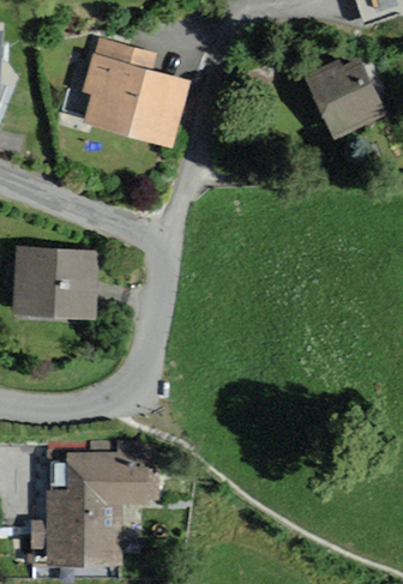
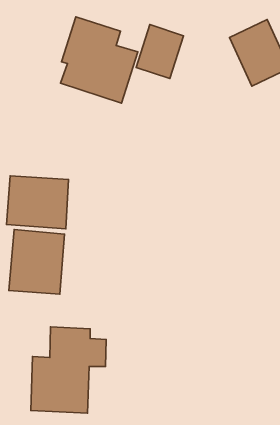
building: none -> [136,25,184,79]
building: none -> [9,230,64,294]

